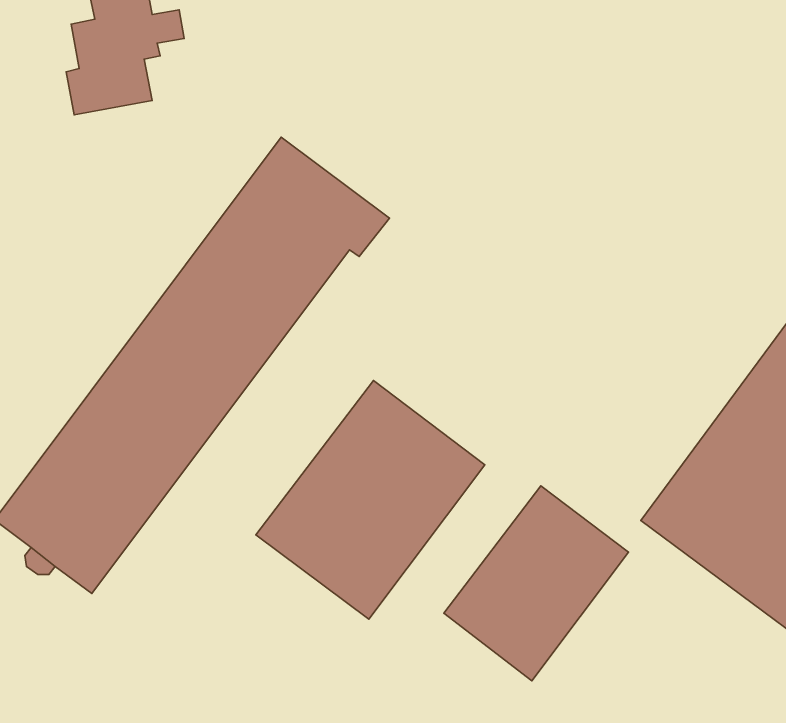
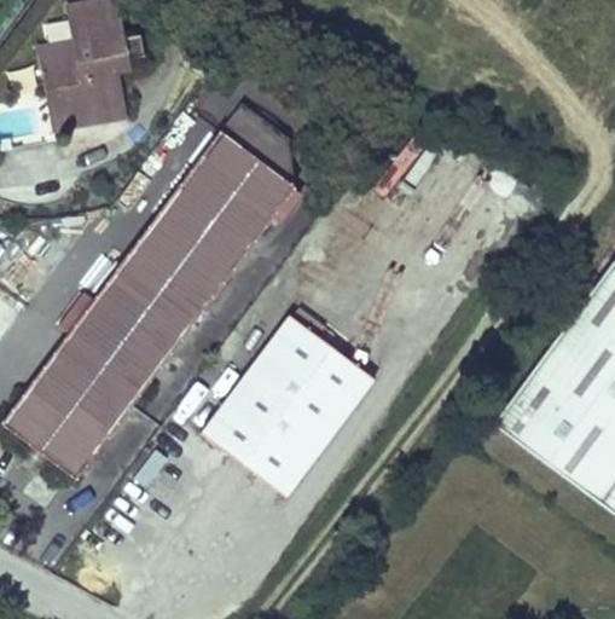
building: none -> [40,45,126,128]
building: [444,486,629,681] -> none

